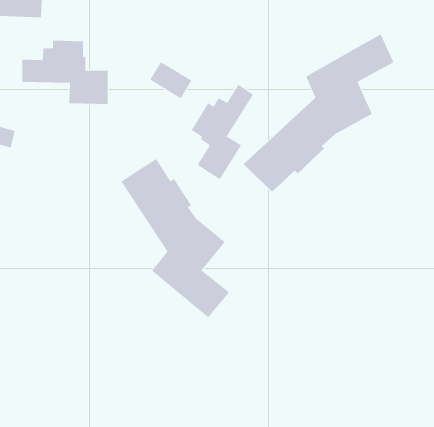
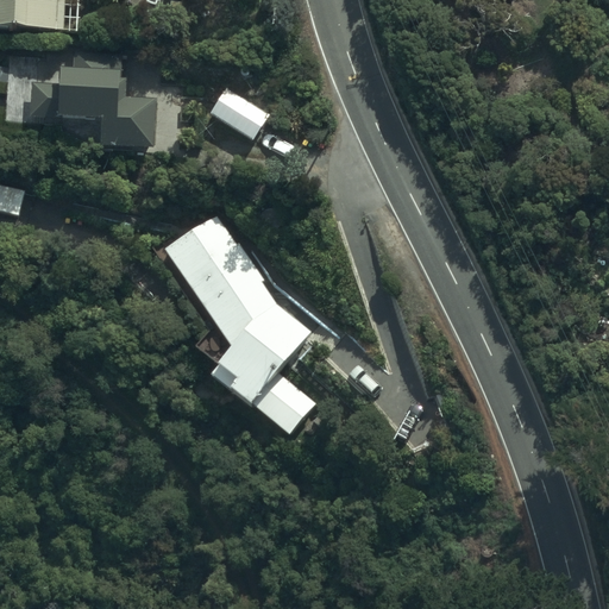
building: [243,34,394,193] -> none
building: [191,84,254,180] -> none

